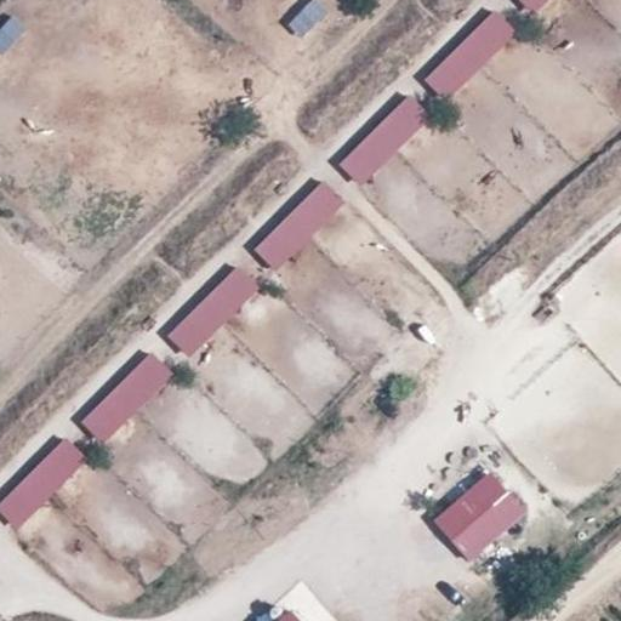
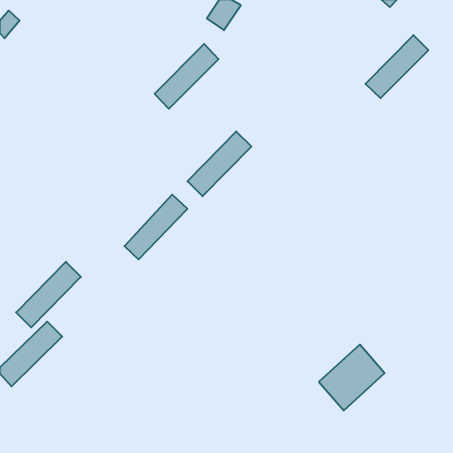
building: [427,11,513,97] -> [365,35,428,98]
building: [341,95,428,183] -> [155,44,219,109]
building: [84,353,172,443] -> [16,262,81,327]

